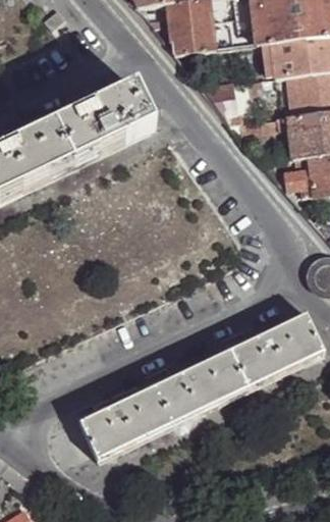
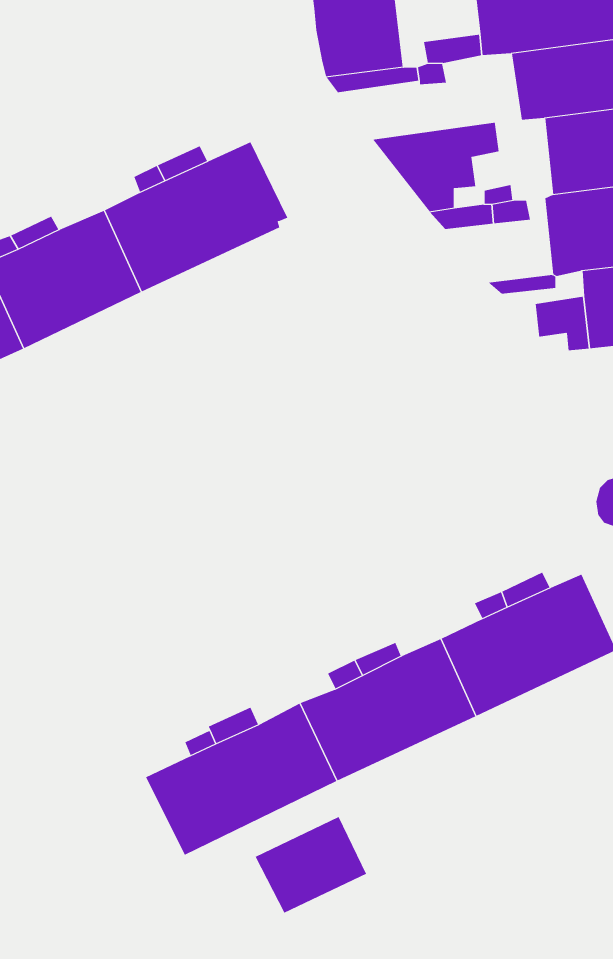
building: none -> [255,816,367,914]

